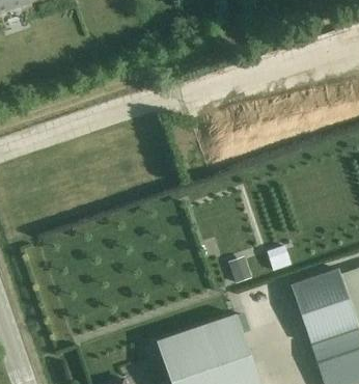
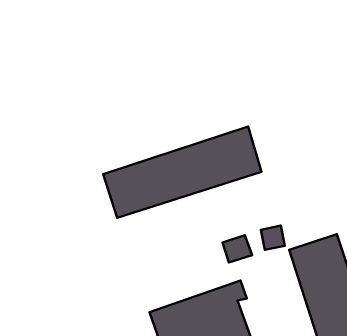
building: none -> [103,127,262,218]

